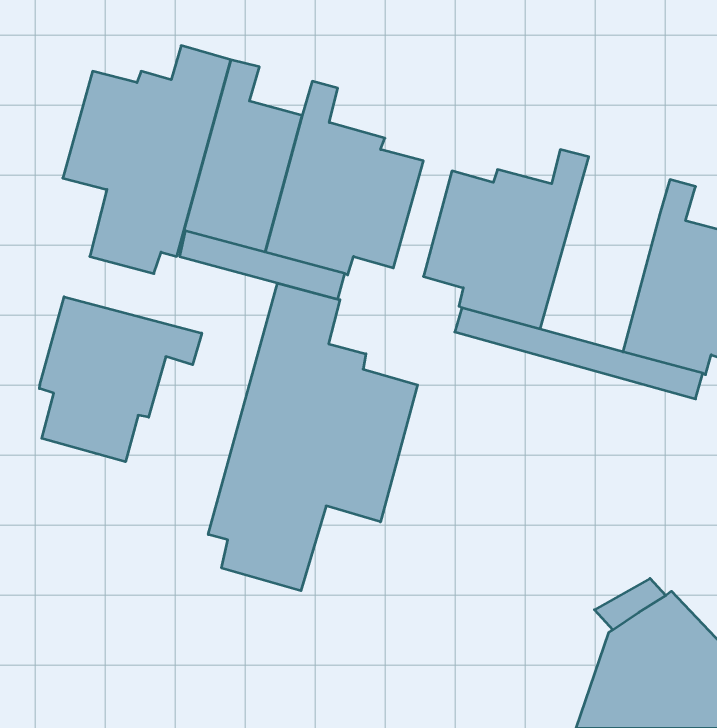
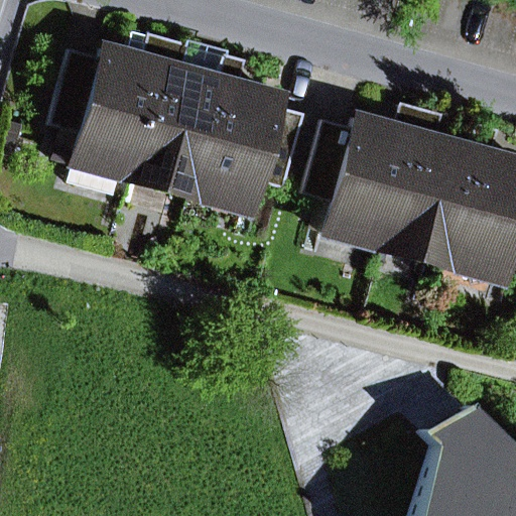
building: none -> [390,111,475,249]
building: [208,283,418,591] -> none
building: [39,297,202,462] -> none

